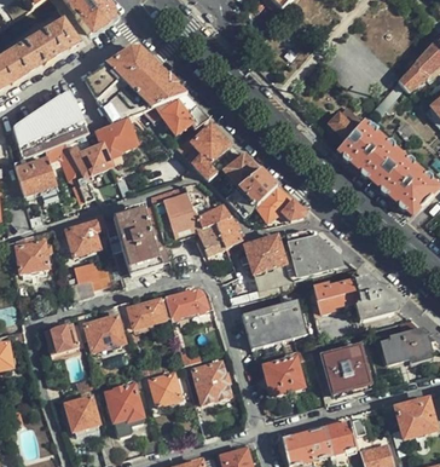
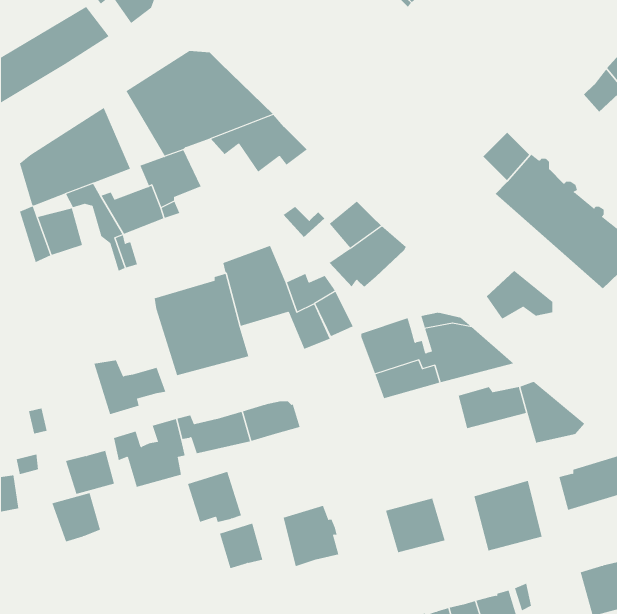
building: [176,122,230,162] -> none
building: [257,188,303,221] -> [486,270,553,320]
building: [53,212,106,255] -> none
building: [17,235,50,271] -> none
building: [244,298,313,350] -> none
building: [106,386,144,421] -> [187,471,242,523]
building: [65,397,99,431] -> [51,493,101,542]

